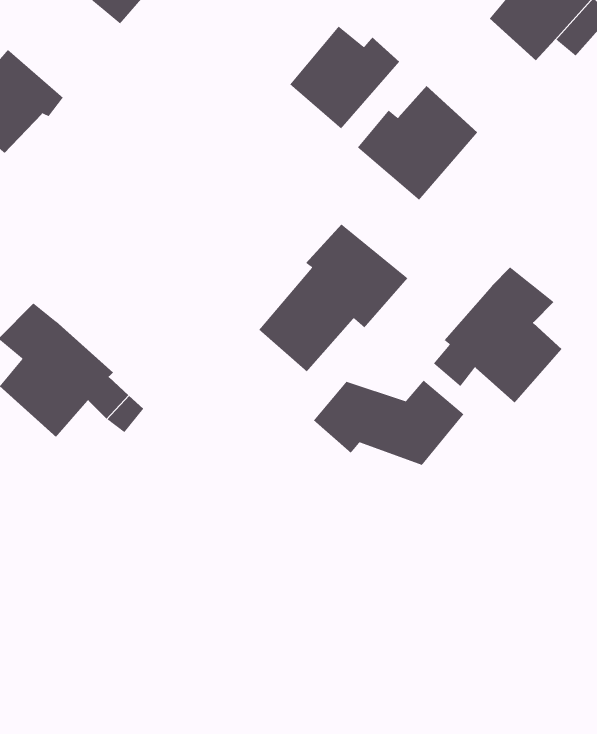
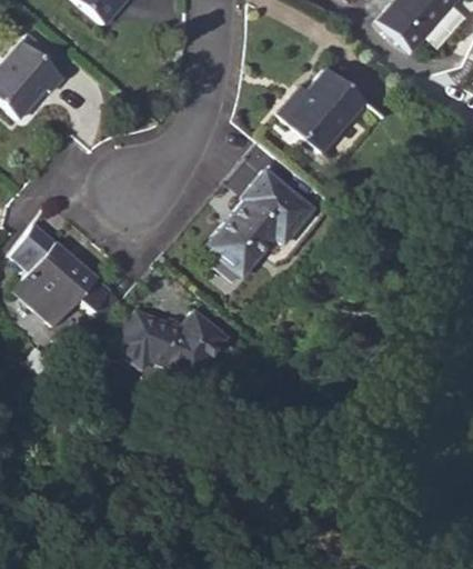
building: [289,26,400,129] -> none
building: [433,267,563,404] -> none
building: [313,379,465,466] -> [114,311,225,375]

